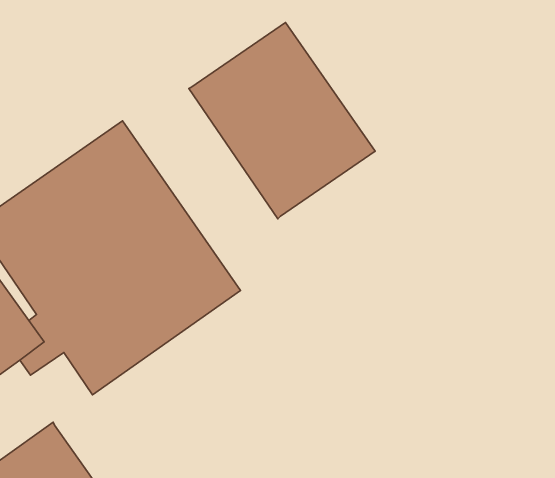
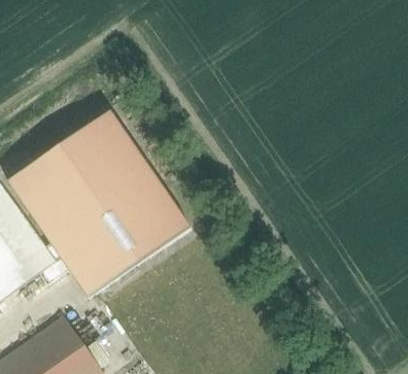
building: [189,22,375,219] -> none

